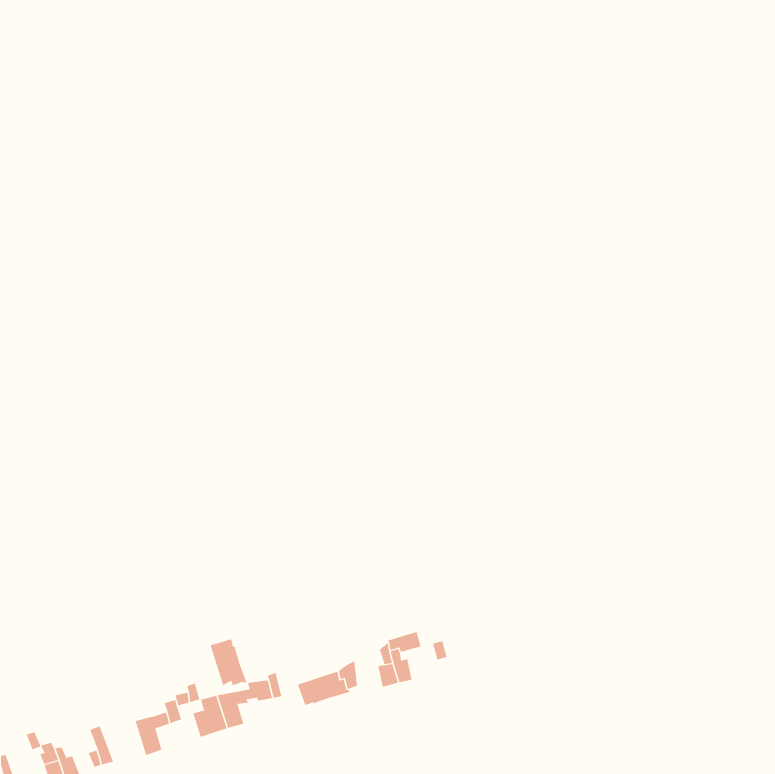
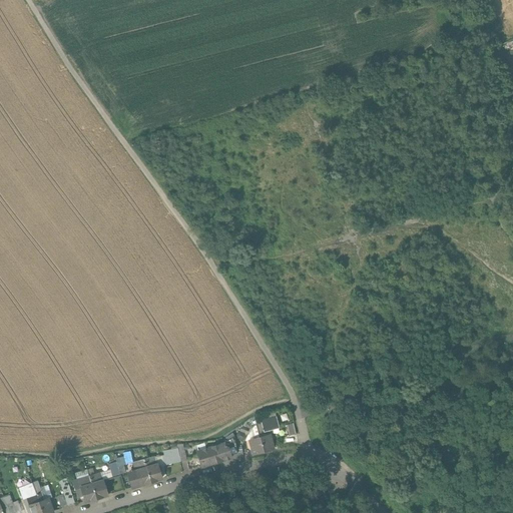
building: [210,638,247,686] -> none
building: none -> [73,477,96,503]

